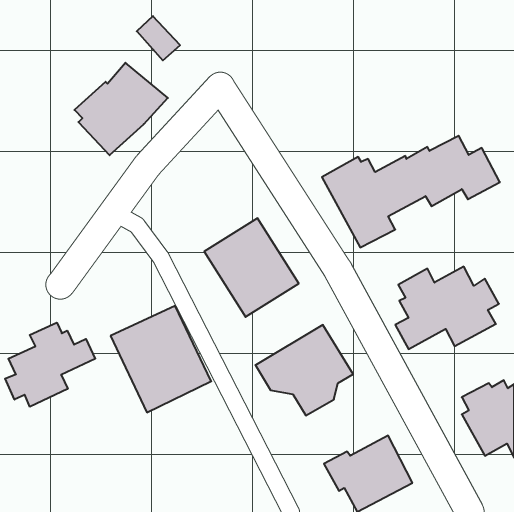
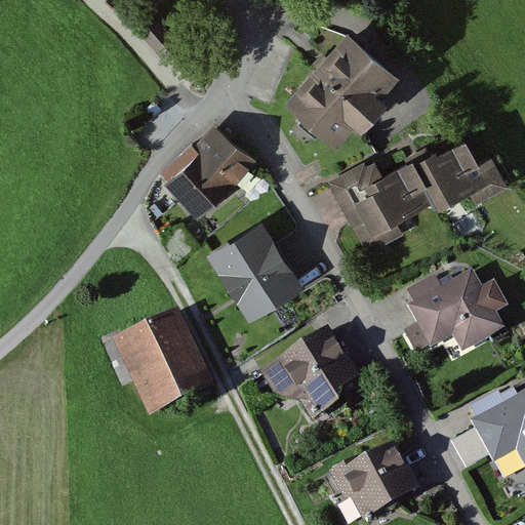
building: none -> [286,30,401,146]
building: [74,63,168,155] -> [161,123,256,217]
building: [5,323,95,407] -> none

